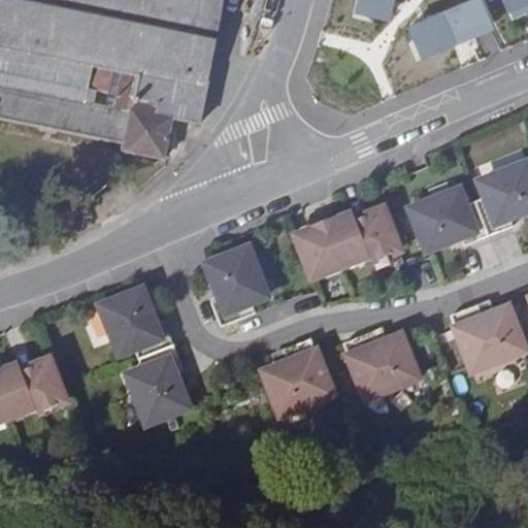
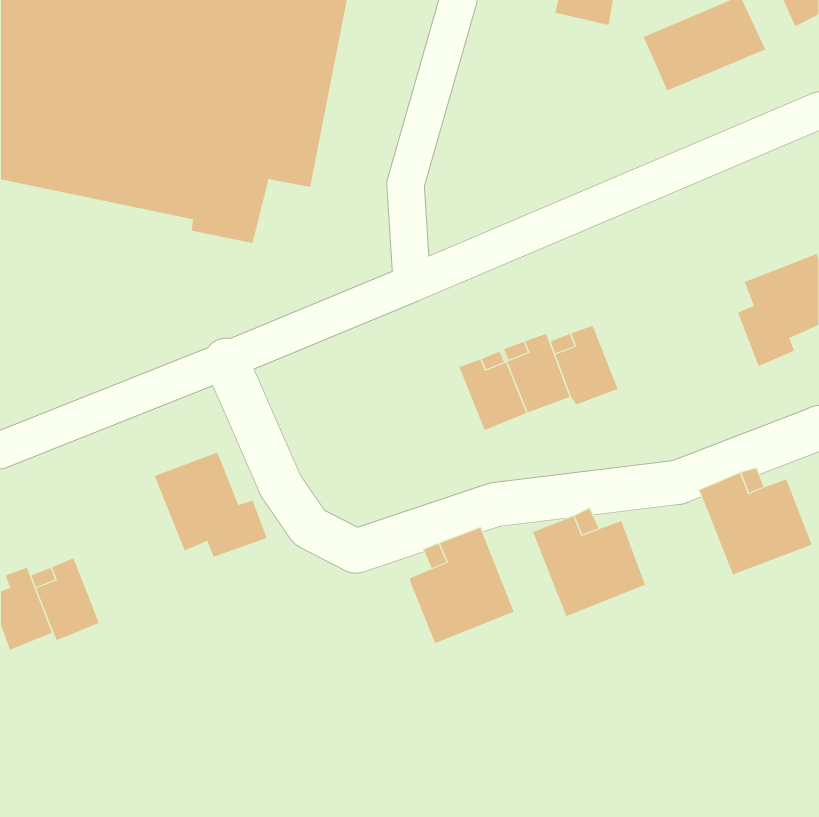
building: [409,190,488,250] -> none
building: [205,249,265,327] -> none
building: [126,346,186,424] -> none

